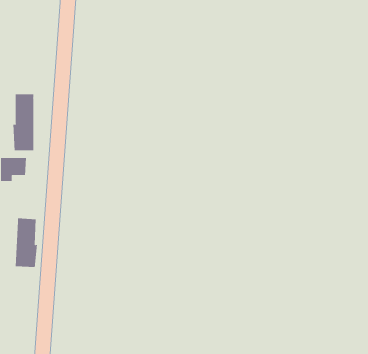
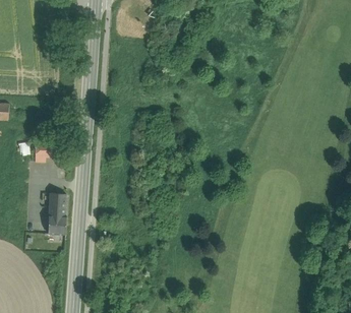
building: [13,94,34,151] -> none

